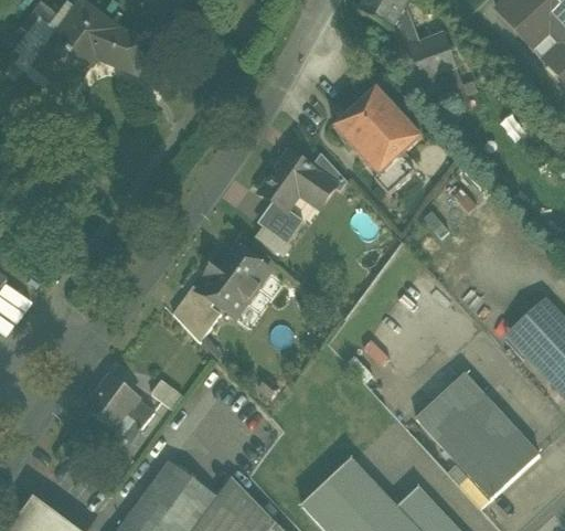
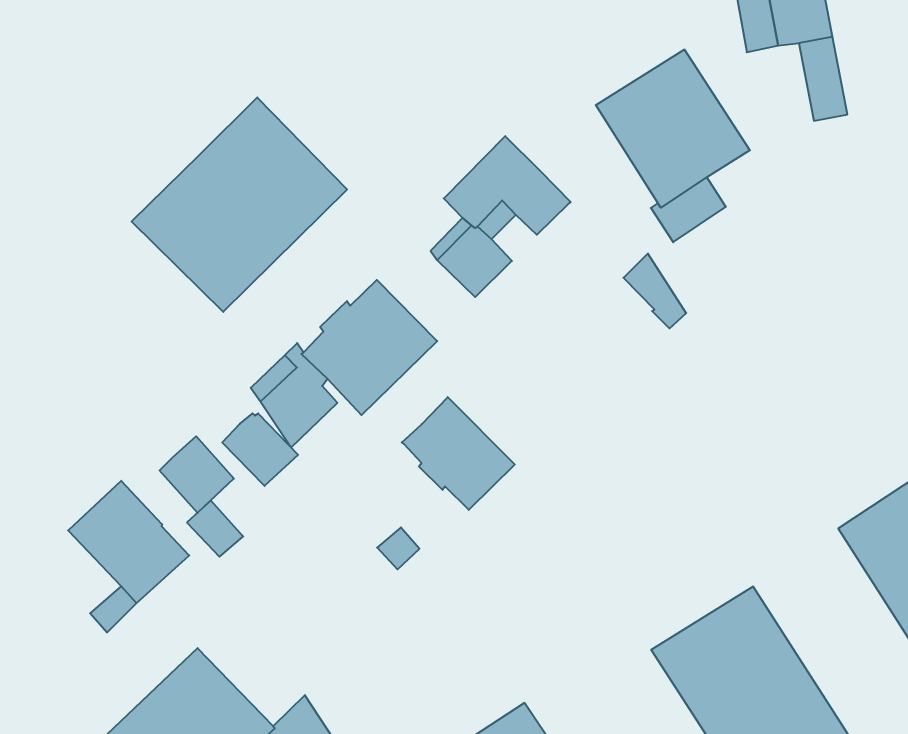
building: [310,151,348,190] -> [623,254,686,328]
building: none -> [132,97,347,312]
building: none -> [402,397,515,510]
building: none -> [222,413,298,486]
building: none -> [160,436,234,513]

